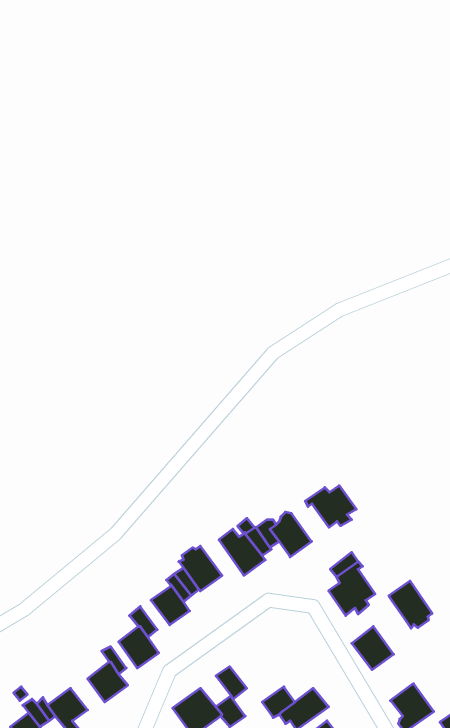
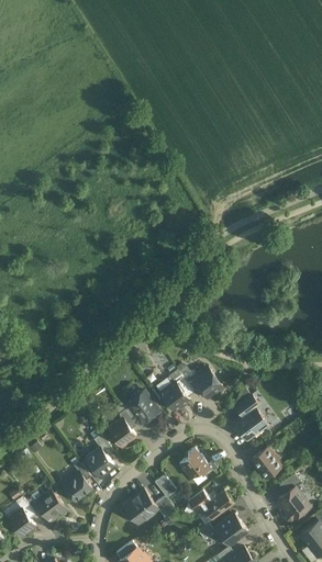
building: [305,486,356,527] -> none
building: [389,581,432,628] -> none
building: none -> [178,448,216,479]

